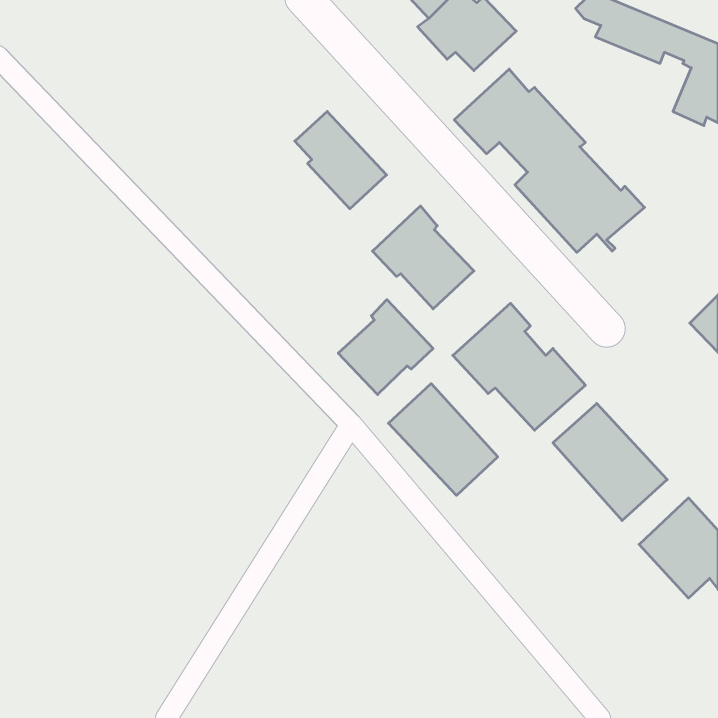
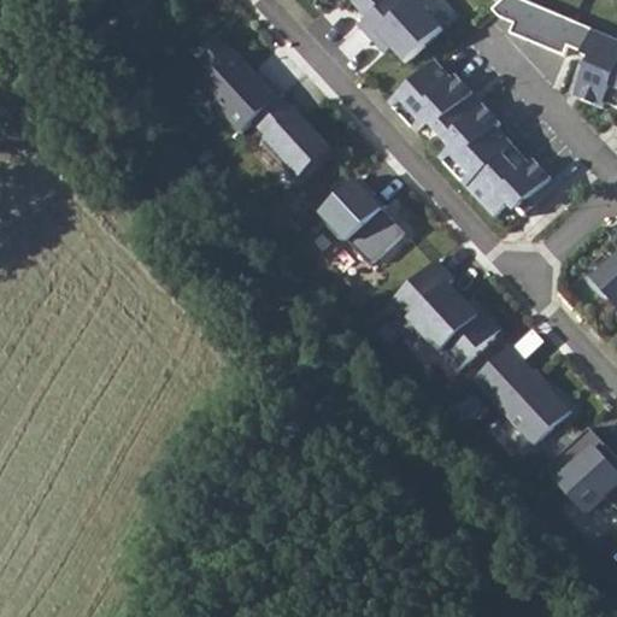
building: none -> [194,33,282,130]
building: [338,300,433,395] -> none
building: [388,384,498,495] -> none

